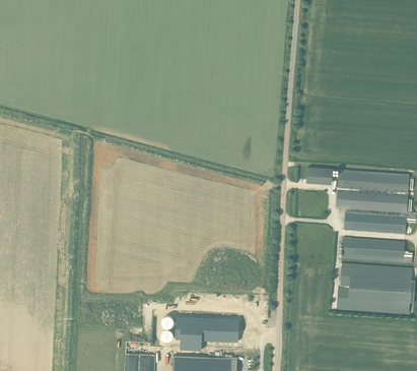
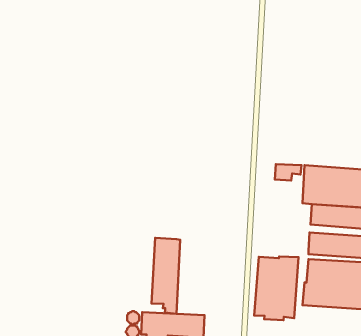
building: none -> [152,238,180,314]
building: none -> [254,256,298,320]

